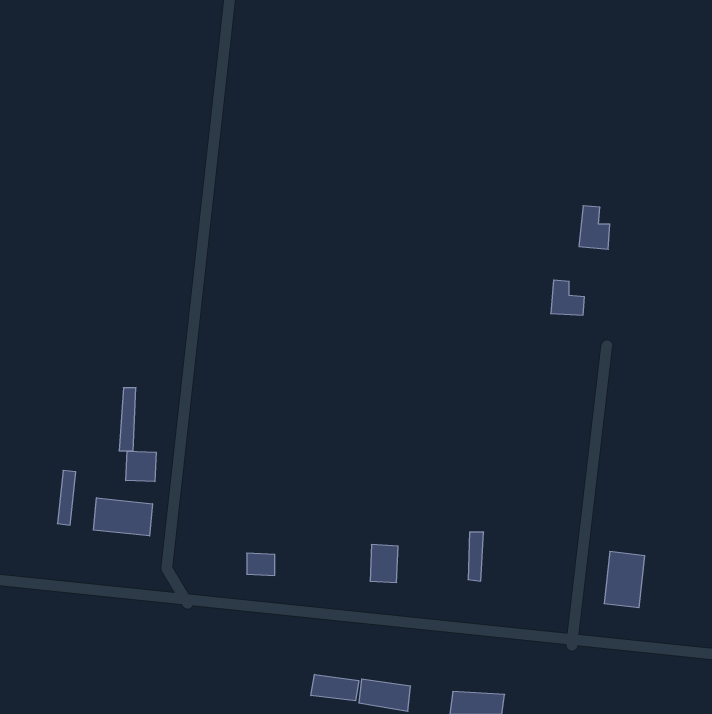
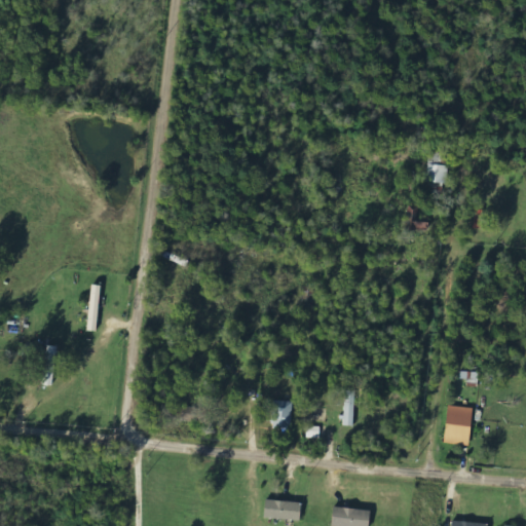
building: [126,451,156,482] -> none
building: [94,498,152,536] -> none
building: [311,674,359,701] -> none

